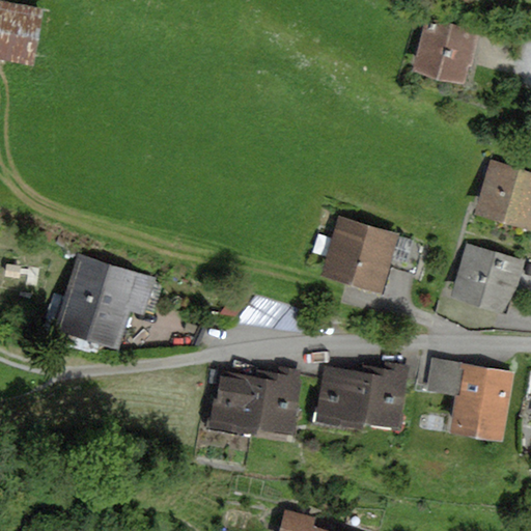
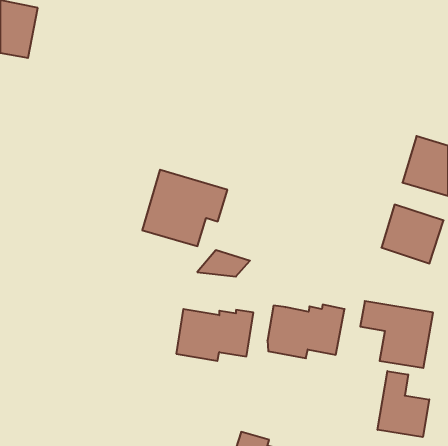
building: [412,22,477,91] -> none
building: [320,214,426,290] -> none
building: [56,254,157,344] -> [142,170,227,246]
building: none -> [378,371,429,437]

